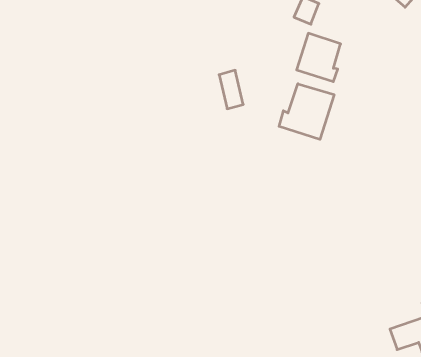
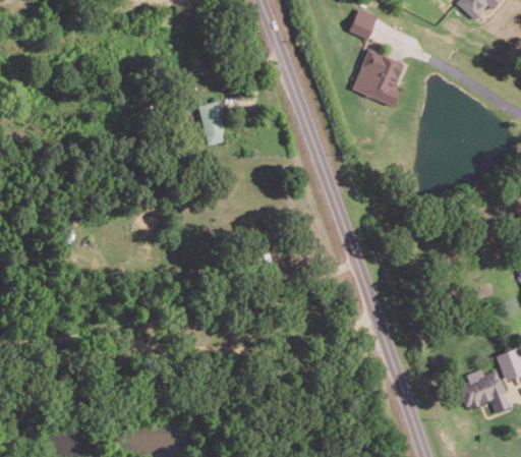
building: [219,70,243,109] -> [198,101,226,145]
building: [279,84,334,139] -> none

